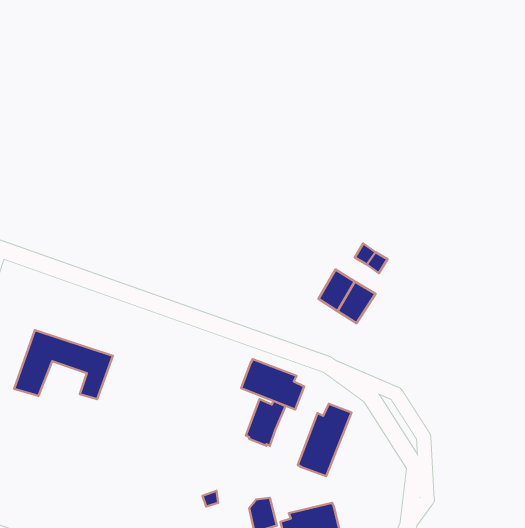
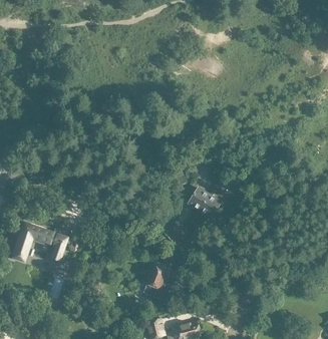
building: [241,359,304,410] -> none
building: [298,404,352,476] -> none

